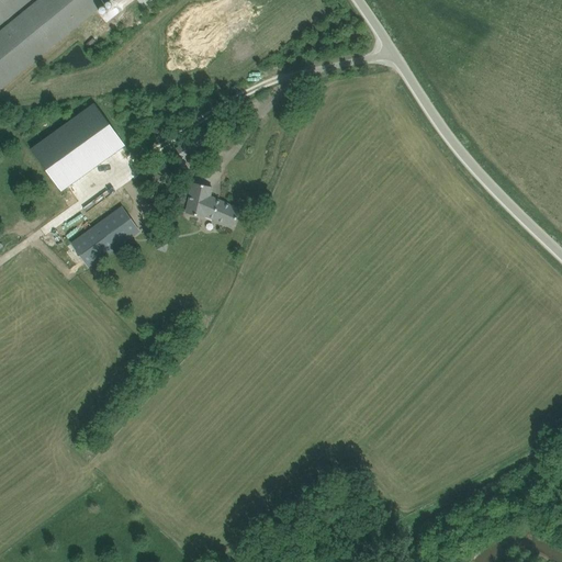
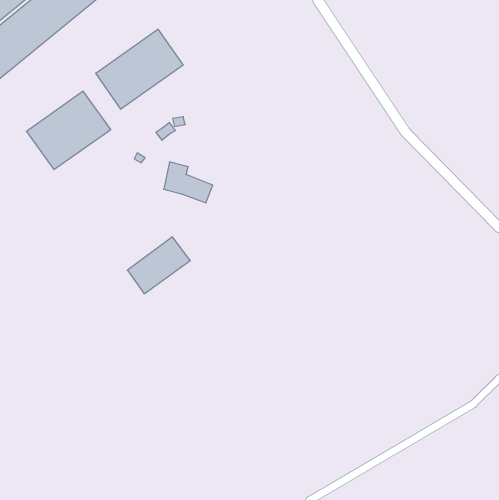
building: none -> [96,29,183,109]
building: [69,204,139,268] -> [127,237,190,294]

